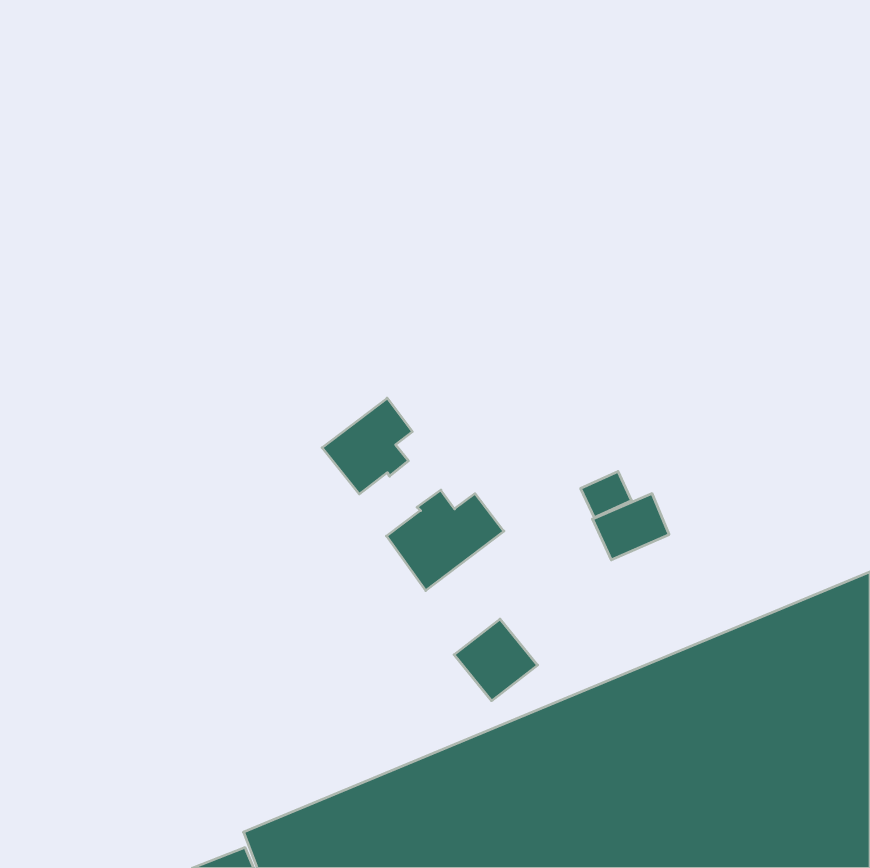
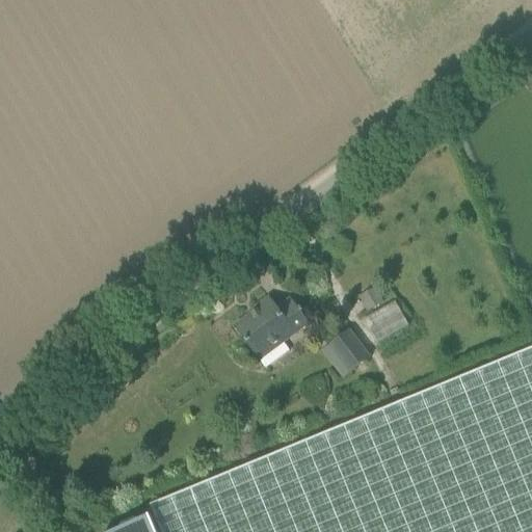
building: [322,398,412,494] -> none
building: [454,619,538,701] -> [322,330,373,380]

